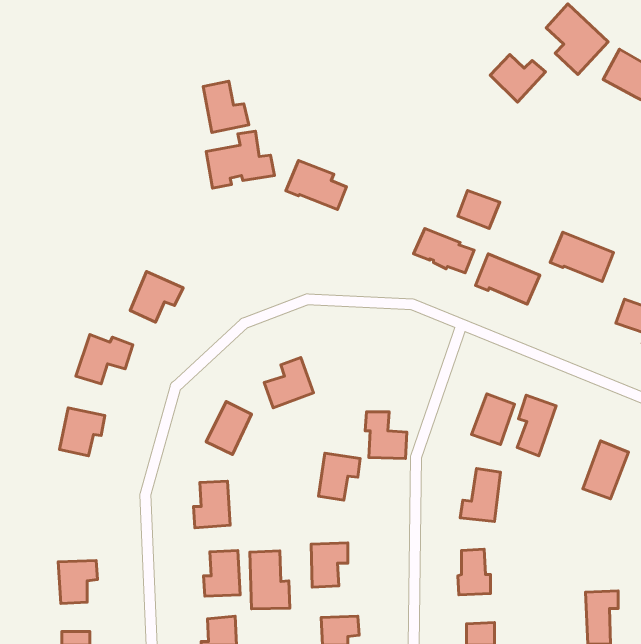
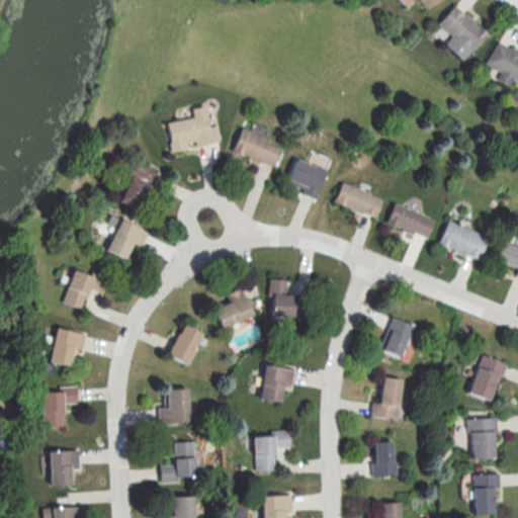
building: [490,54,546,102] -> none
building: [203,81,249,133] -> none
building: [458,191,500,229] -> none
building: none -> [290,160,329,199]
building: none -> [121,163,161,208]
building: [550,232,613,281] -> [438,223,489,262]
building: [517,395,556,456] -> none
building: [365,412,407,459] -> [270,279,304,317]
building: none -> [44,385,79,426]
building: none -> [470,417,497,459]
building: [250,551,290,609] -> none

